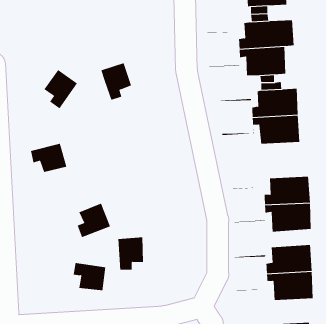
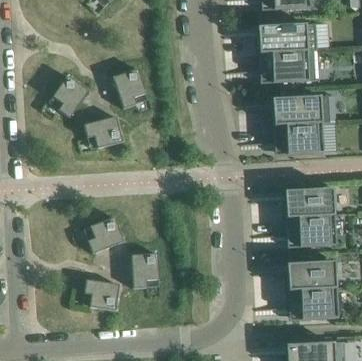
building: [30,143,67,173] -> [84,116,123,147]

